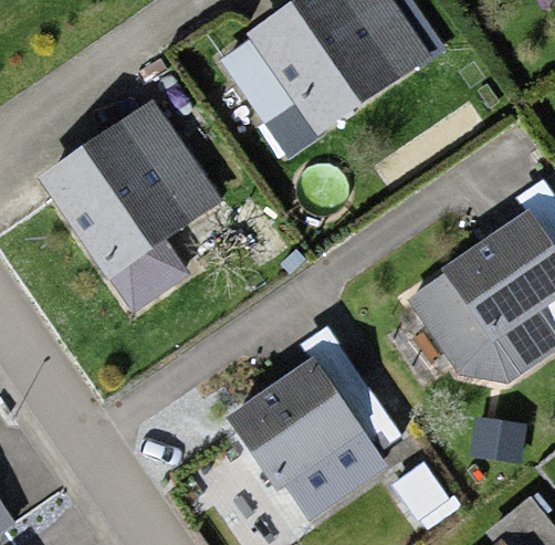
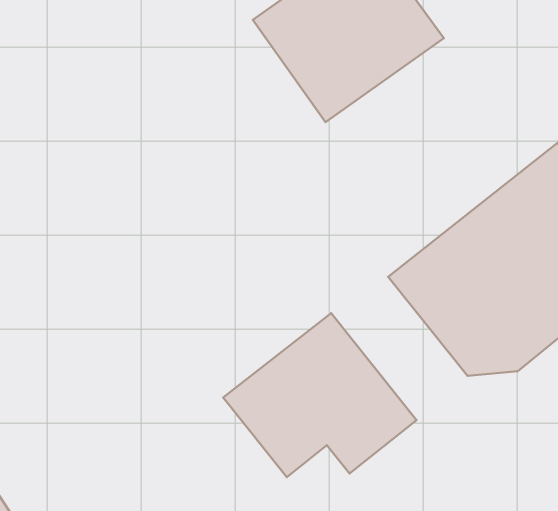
building: [38,104,231,290] -> none

